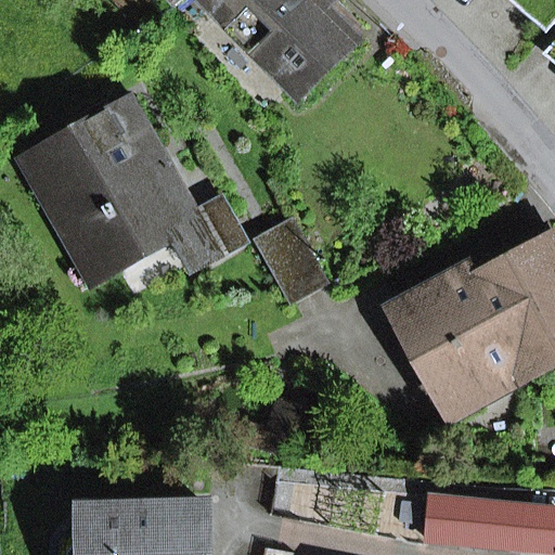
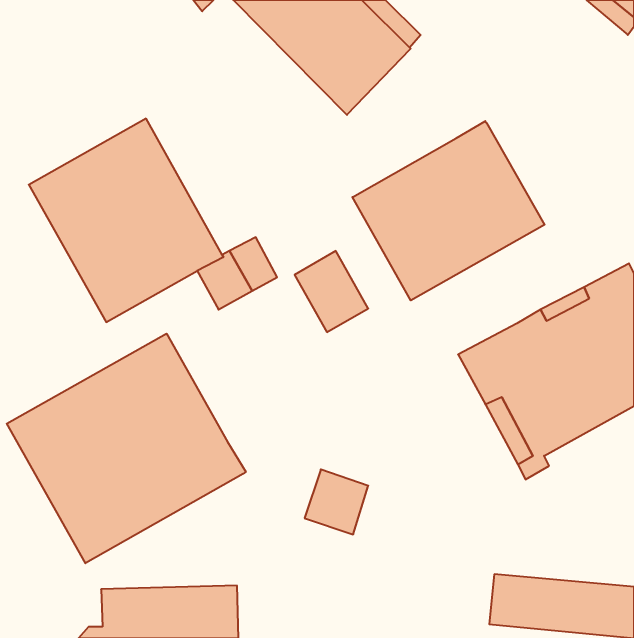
building: none -> [352,121,545,300]
building: none -> [7,334,246,563]

